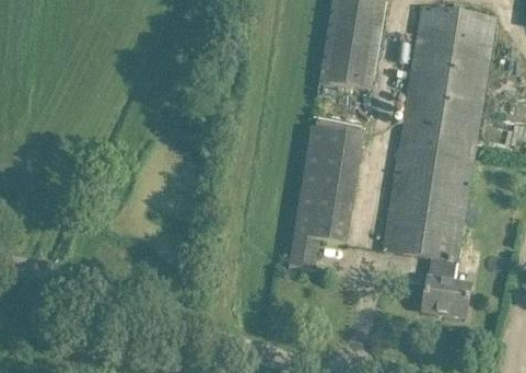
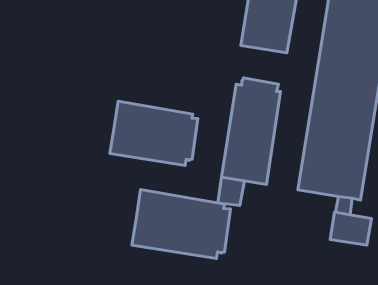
building: none -> [110,101,198,165]
building: none -> [132,189,231,259]

